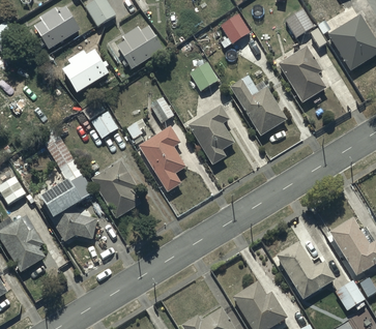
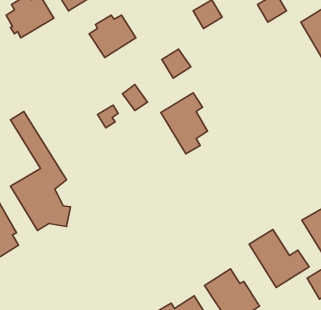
building: [277,44,325,102] -> none
building: [61,50,109,92] -> none
building: [229,73,288,137] -> none
building: [90,109,118,137] -> none
building: [137,124,185,191] -> none
building: [90,160,141,219] -> none

